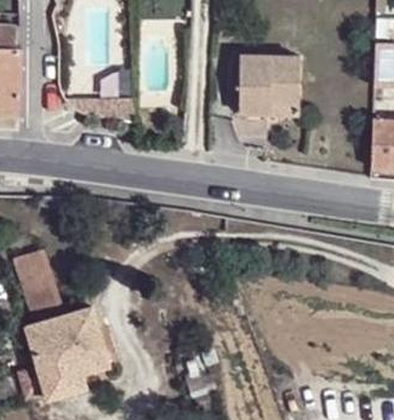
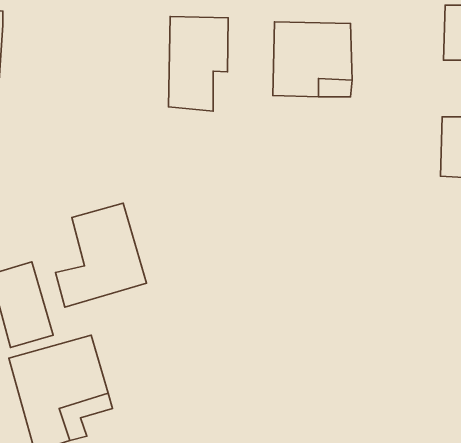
building: none -> [168,17,228,111]
building: none -> [56,203,146,307]

